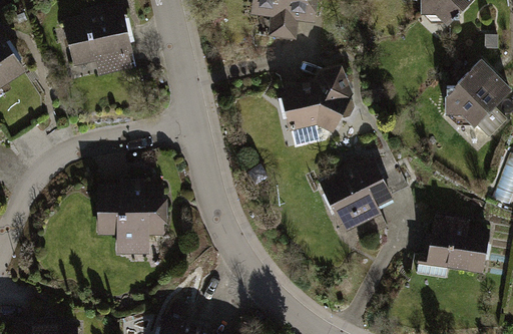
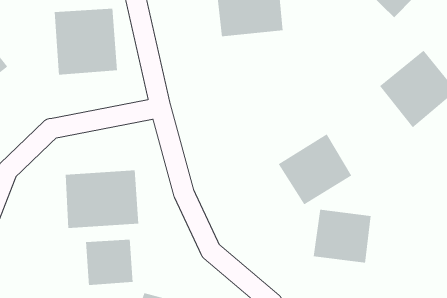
building: [279,69,358,142] -> none
building: [426,215,489,273] -> [313,209,371,263]
building: none -> [85,239,133,286]

